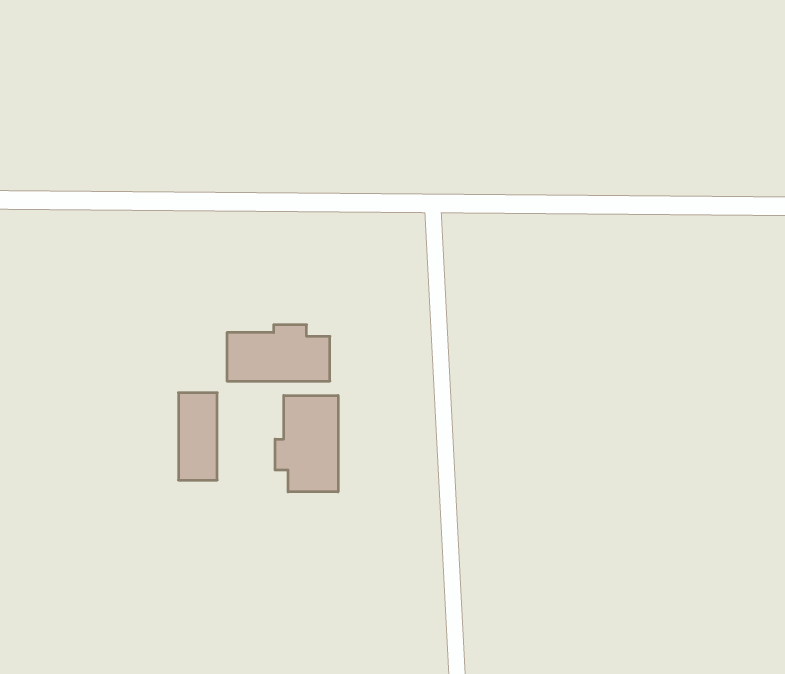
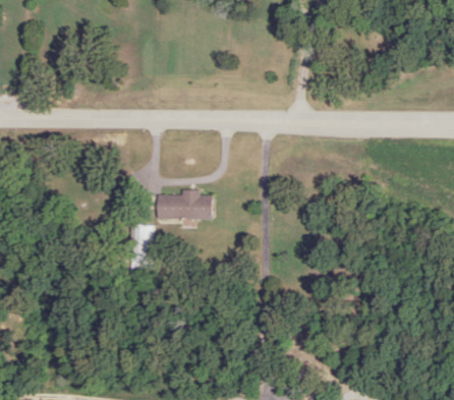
building: [275,395,338,492] -> none

